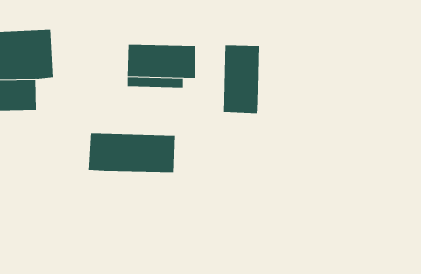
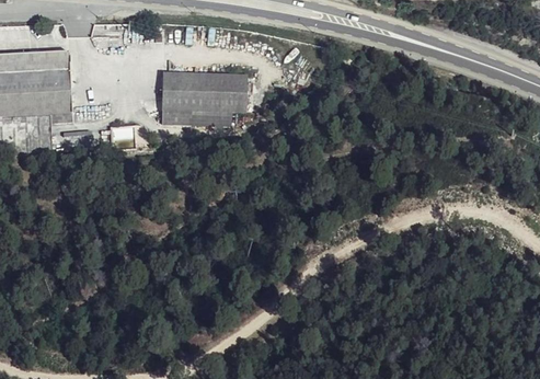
building: [223,44,259,114] -> none
building: [88,133,175,173] -> none

